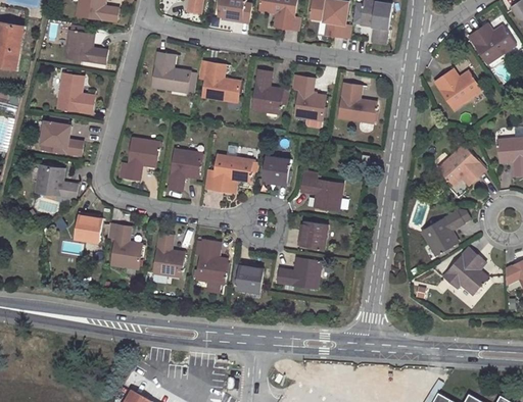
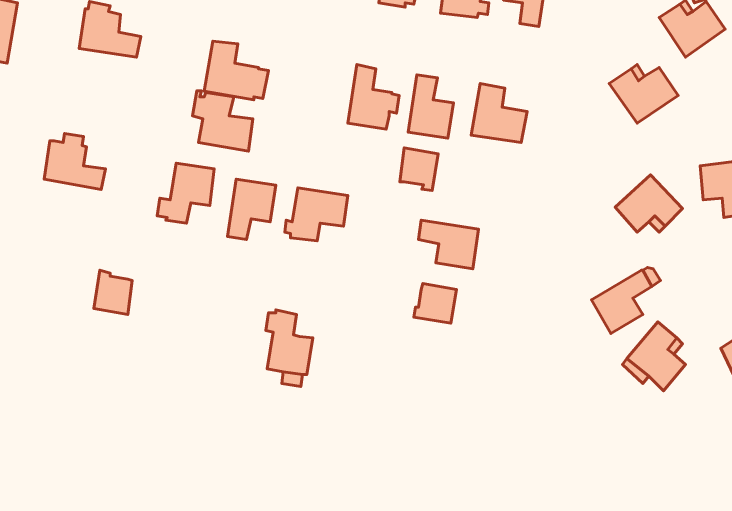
building: [198,61,240,103] -> [193,91,253,151]
building: [57,73,95,114] -> none
building: [264,156,290,186] -> [400,148,438,191]
building: [35,165,78,199] -> none
building: [111,224,142,269] -> none
building: [153,233,185,278] -> none
building: [277,258,321,290] -> none
building: [233,263,264,293] -> none

